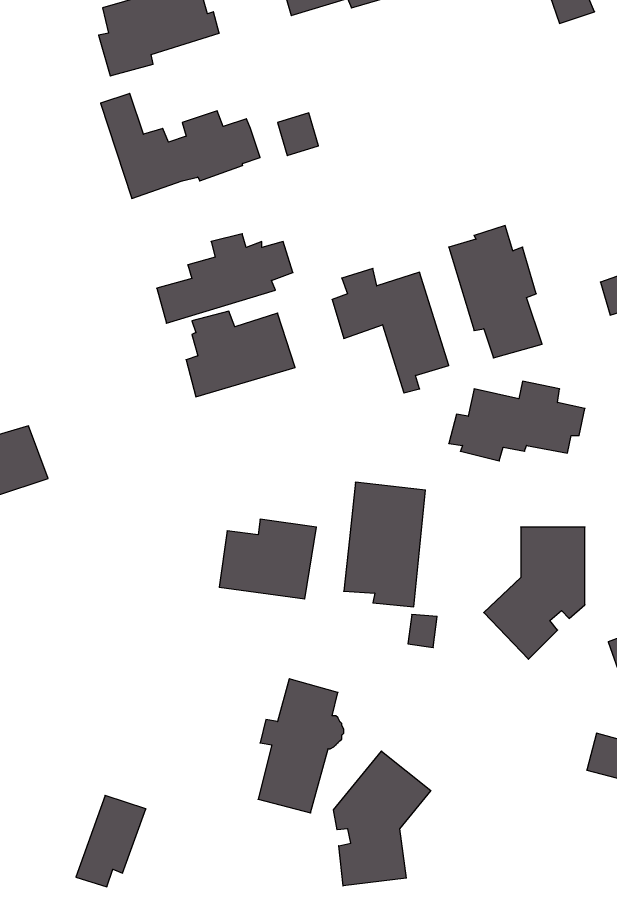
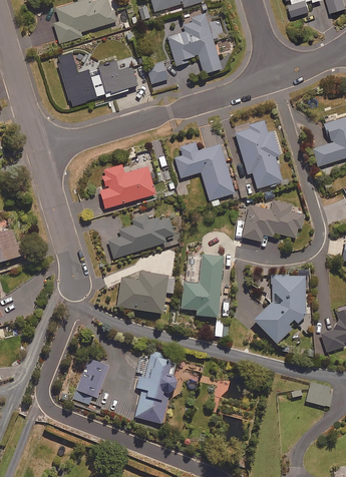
building: none -> [167,12,222,73]
building: [157,234,293,323] -> [103,213,174,260]
building: [333,751,431,886] -> none
building: [76,795,146,887] -> [74,357,110,404]

